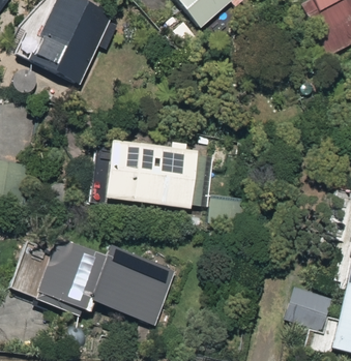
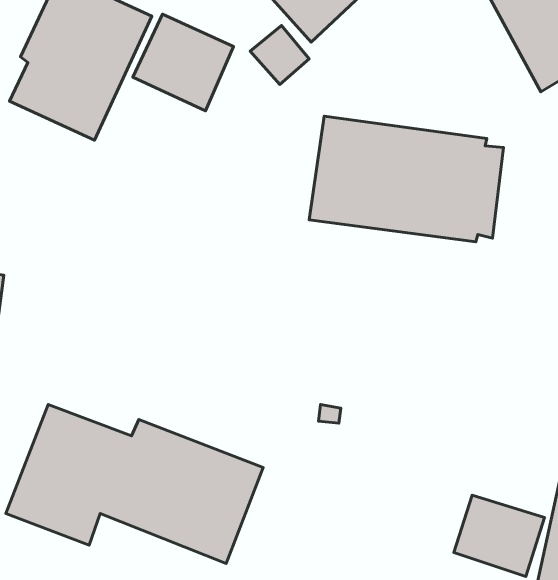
building: none -> [133,14,233,111]
building: [97,134,206,205] -> [309,116,504,242]

